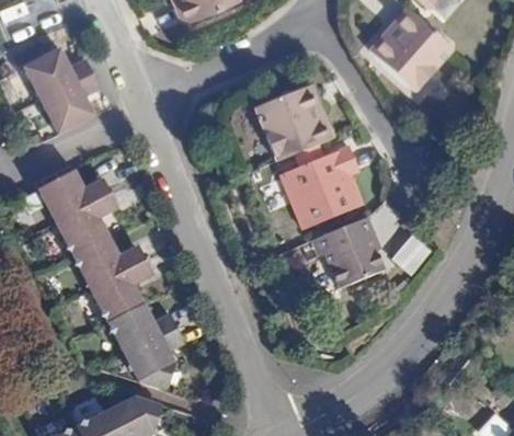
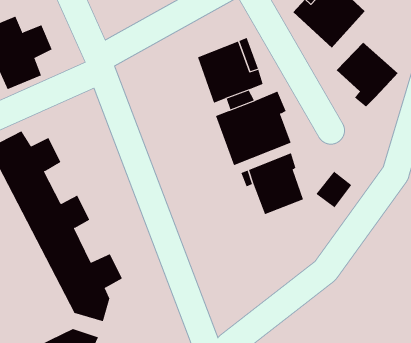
building: none -> [336,42,398,108]

